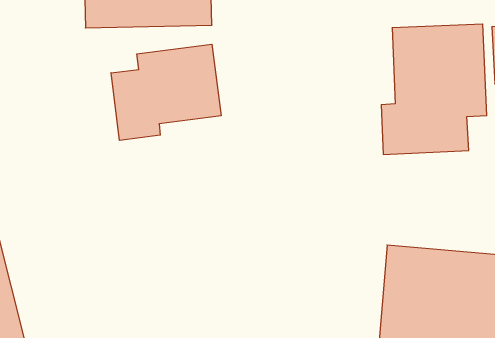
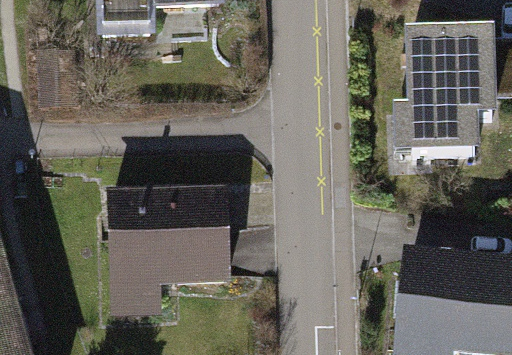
building: [111,44,221,140] -> none
building: none -> [100,172,235,288]

